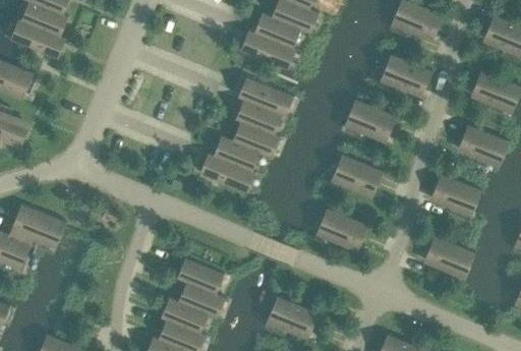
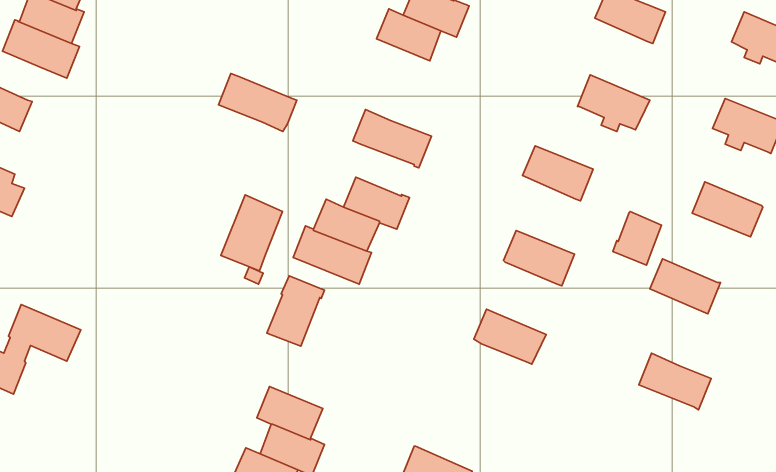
building: [242,32,293,69] -> [218,73,297,132]
building: [237,102,280,135] -> none
building: none -> [221,195,283,271]
building: none -> [613,212,662,265]
building: none -> [267,276,325,346]

